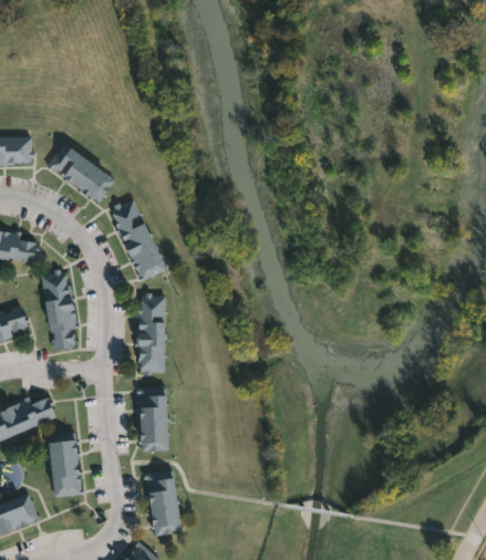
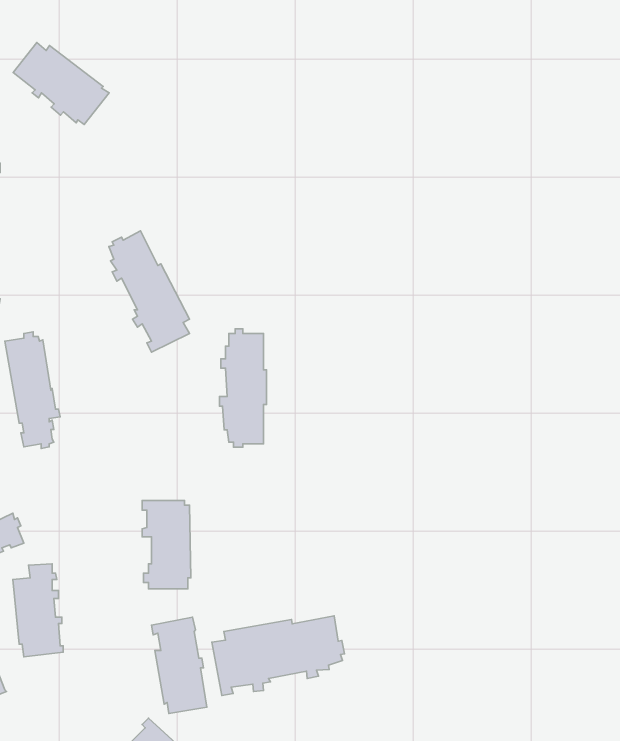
building: [49,145,116,203] -> [13,42,109,124]
building: [134,293,167,376] -> [219,329,267,447]
building: none -> [212,616,344,696]

